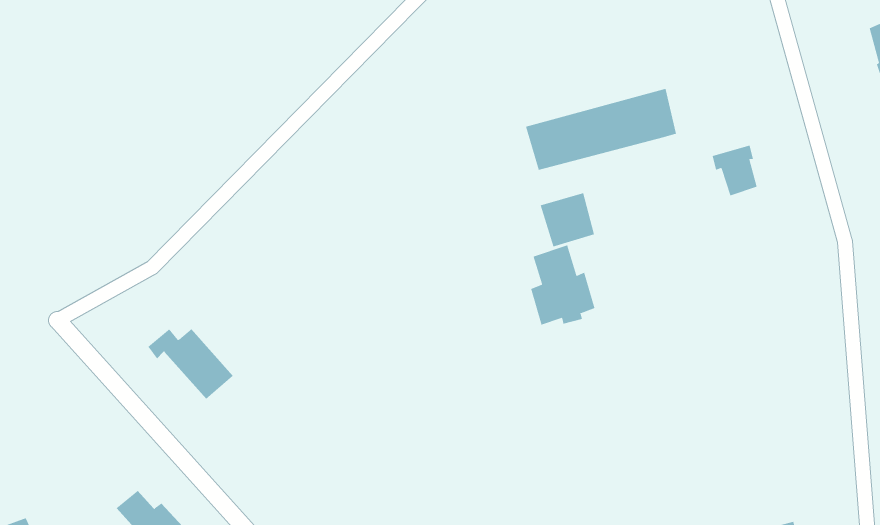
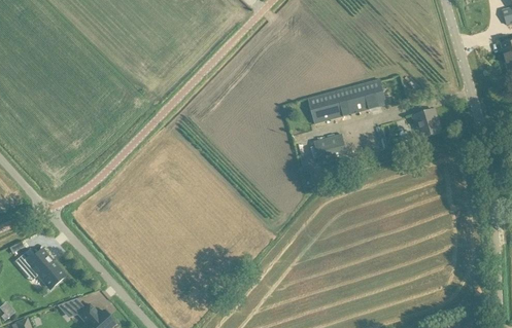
building: [530,244,595,325] -> none
building: [148,328,233,400] -> [16,248,65,288]

